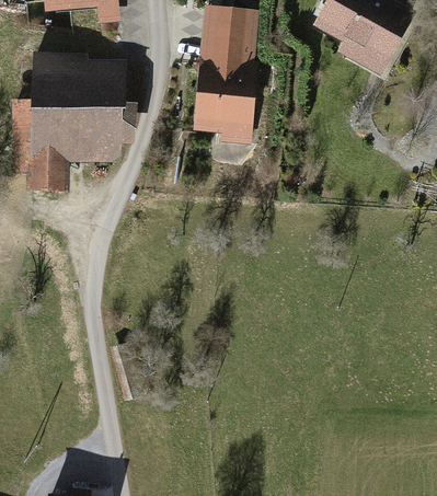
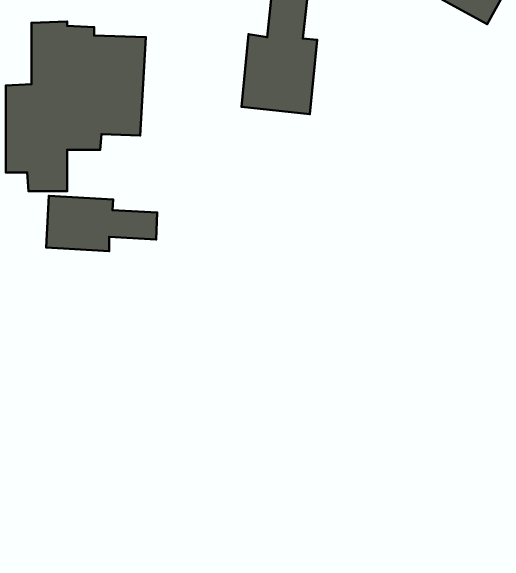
building: none -> [46,196,157,251]

